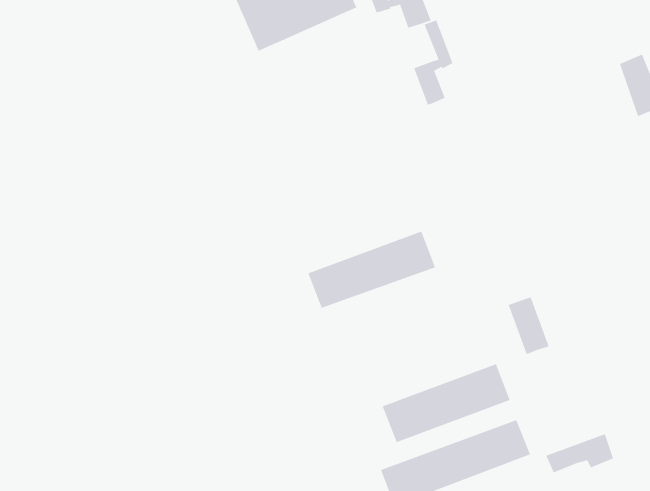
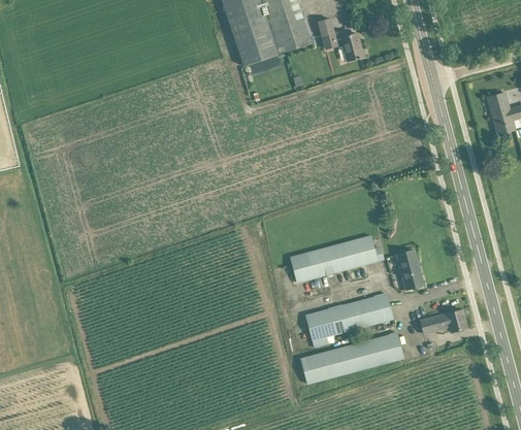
building: [413,19,453,105] -> none
building: [307,231,436,308] -> [290,235,378,282]
building: [545,433,614,473] -> [420,309,466,333]

